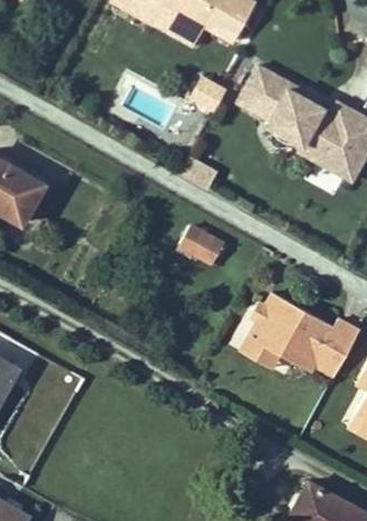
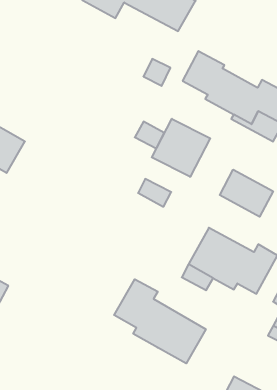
building: none -> [152,119,210,177]
building: none -> [220,170,273,217]
building: none -> [114,279,206,363]

